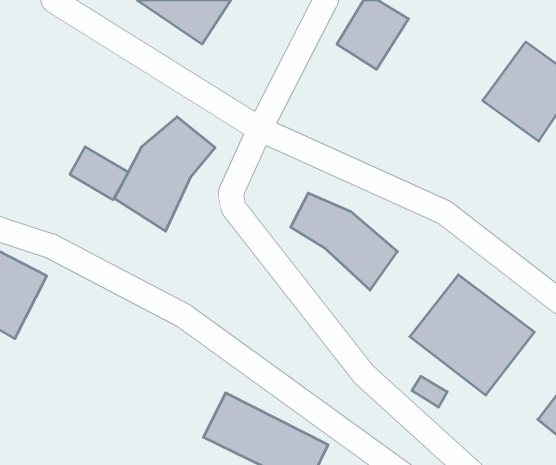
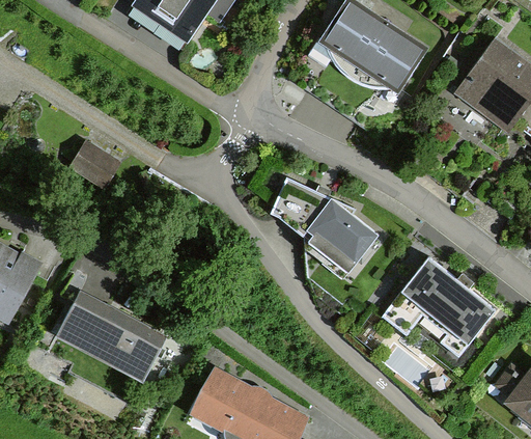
building: none -> [355,18,423,89]
building: [115,117,215,231] -> none
building: none -> [54,293,167,383]

